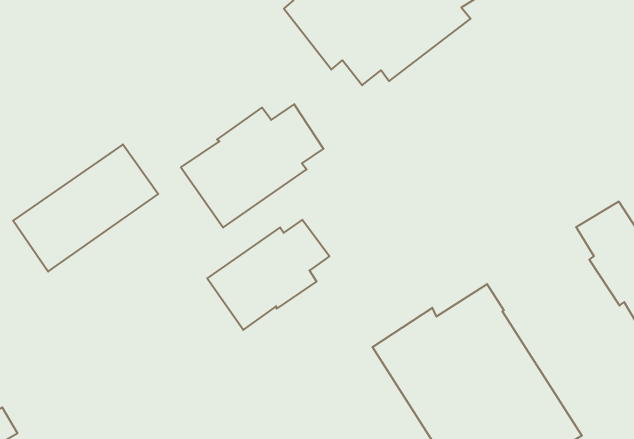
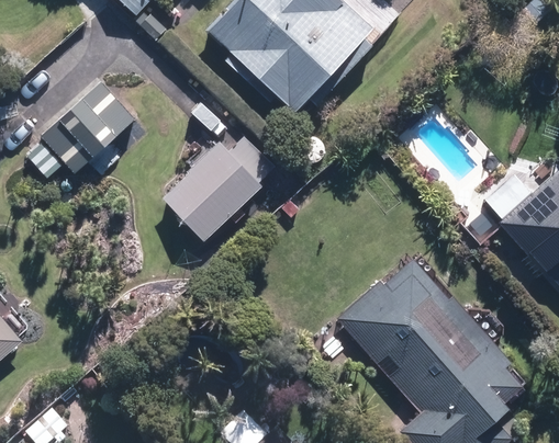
building: [13,144,158,272] -> [18,81,130,191]
building: [207,220,329,330] -> none

